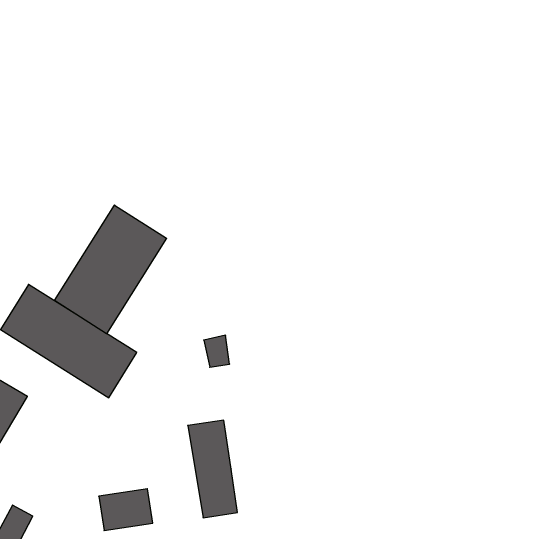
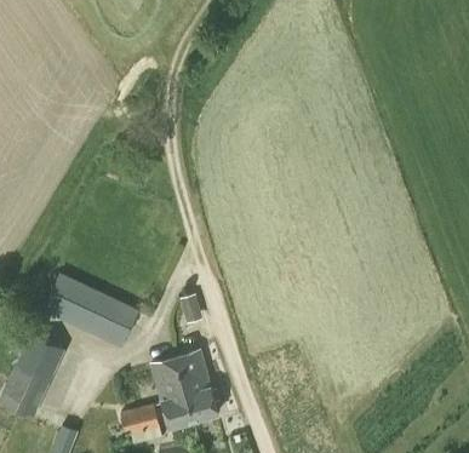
building: [55,205,167,334] -> none
building: none -> [153,359,194,428]

